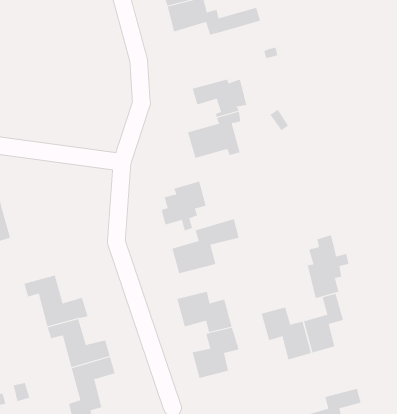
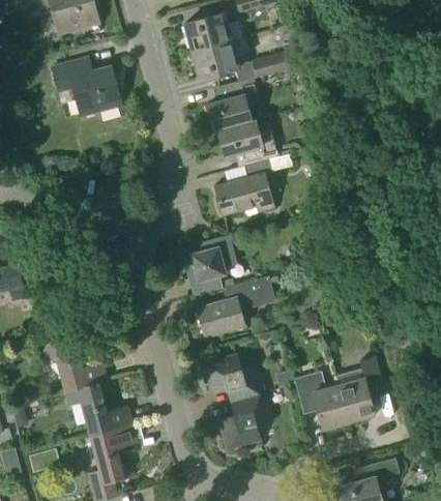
building: none -> [50,60,120,115]
building: none -> [206,77,261,138]
building: [307,234,349,299] -> none

